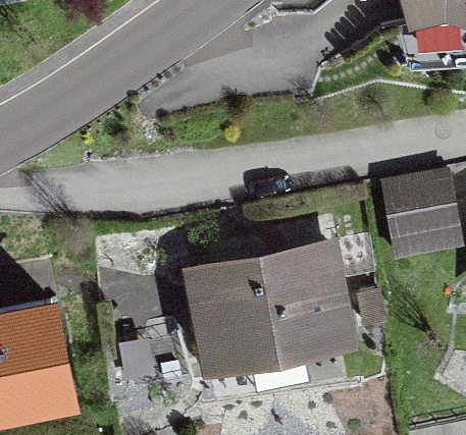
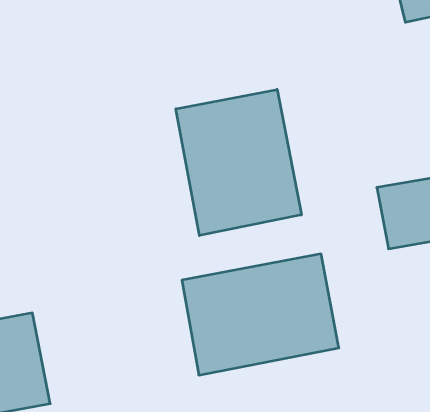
building: none -> [176,89,301,236]

